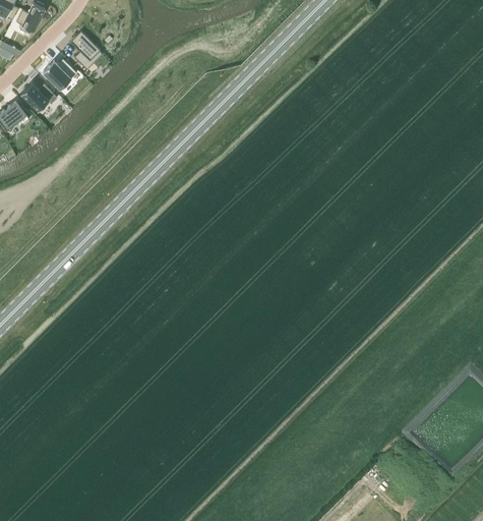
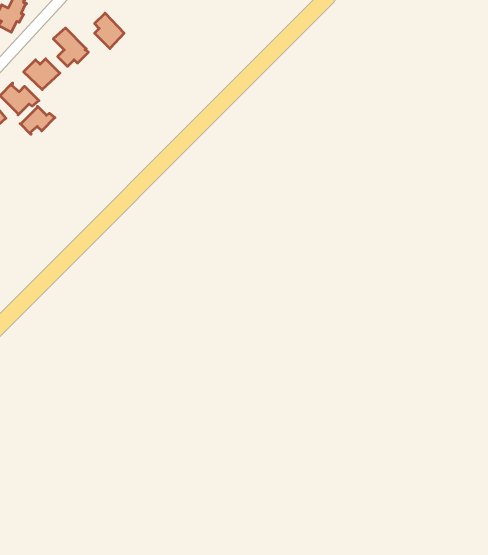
building: none -> [95,13,124,49]
building: none -> [20,106,55,134]

